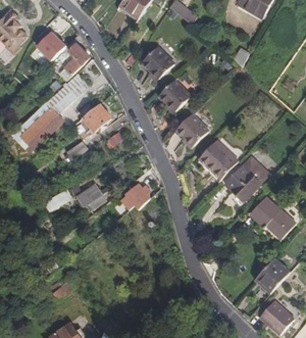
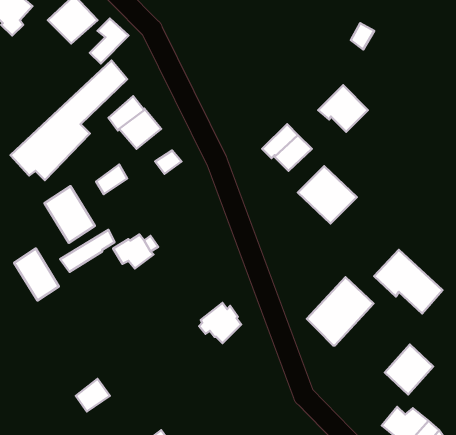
building: [140,48,172,79] -> none
building: [157,80,190,110] -> [318,85,368,132]
building: none -> [44,186,95,243]
building: [224,156,268,201] -> [307,277,374,345]
building: [122,183,150,209] -> [199,303,241,343]
building: none -> [14,249,59,301]

